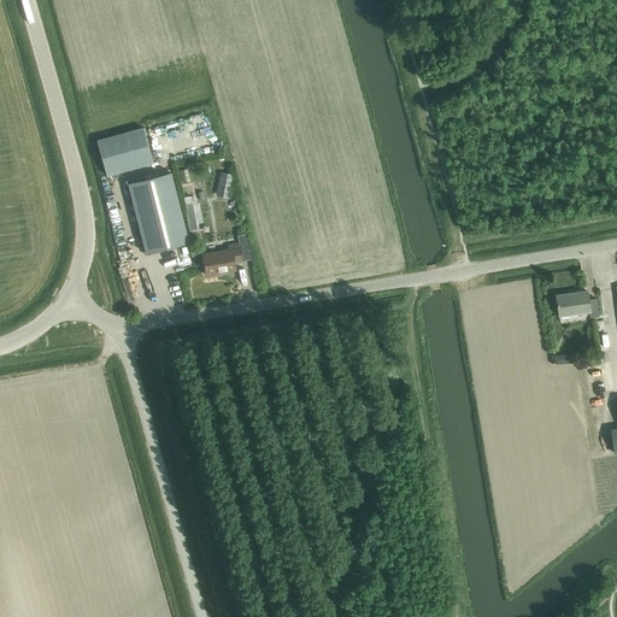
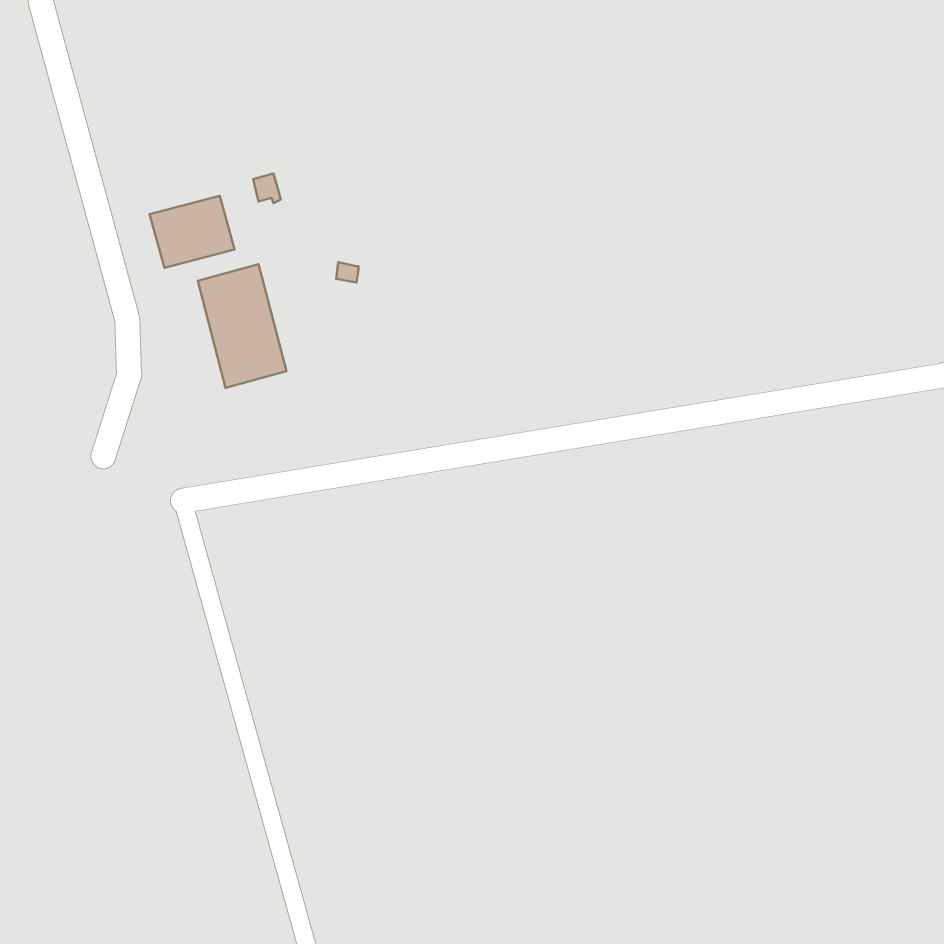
building: [204,243,242,275] -> none
building: [556,292,598,317] -> none

